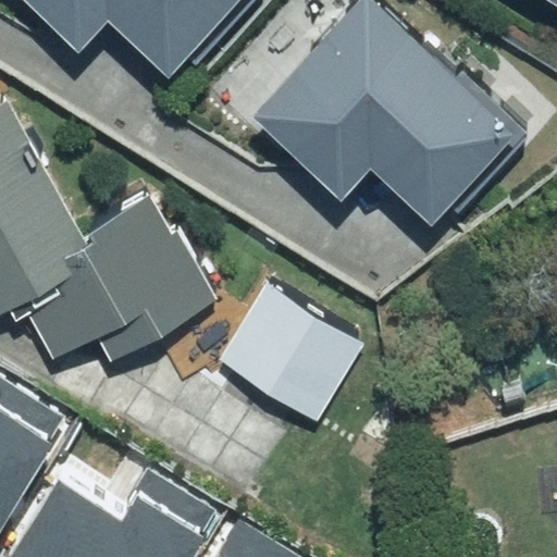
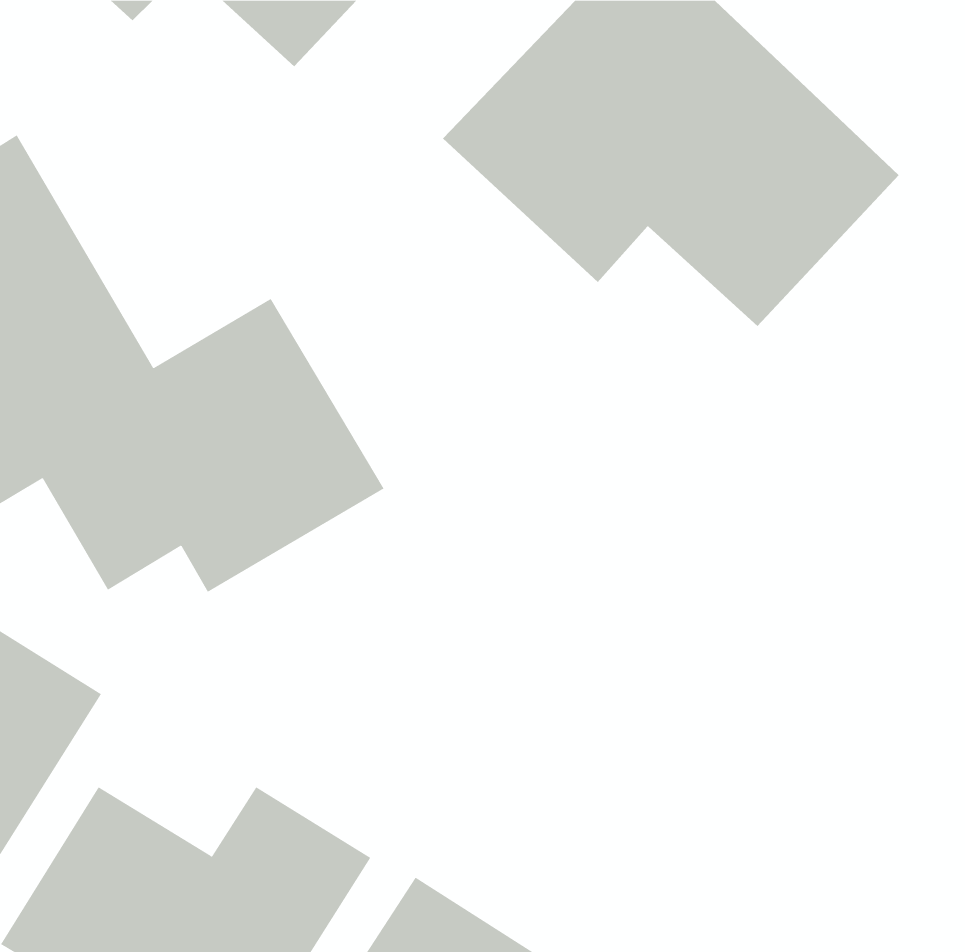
building: [218,293,361,428] -> none

